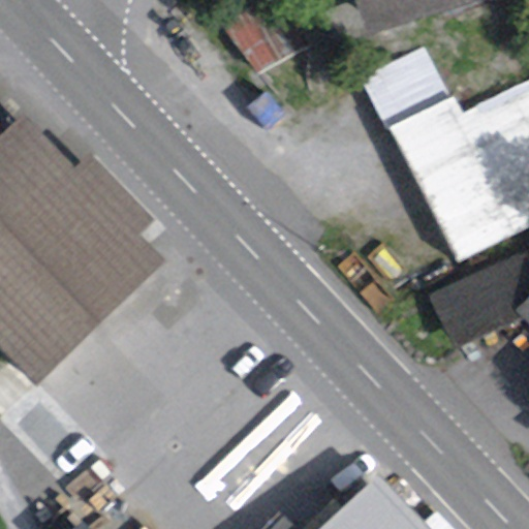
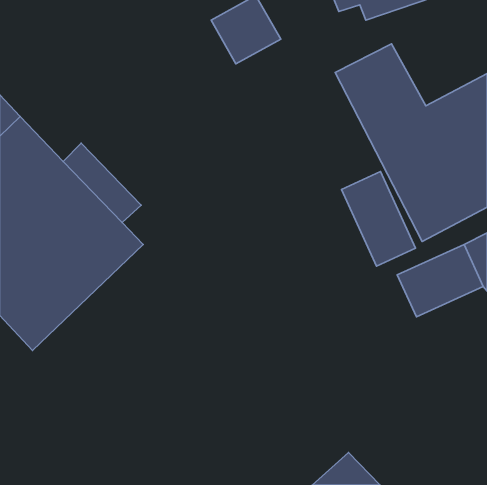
building: none -> [341,171,416,266]

